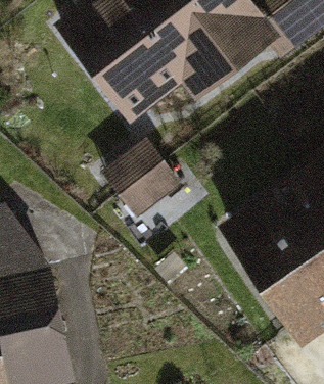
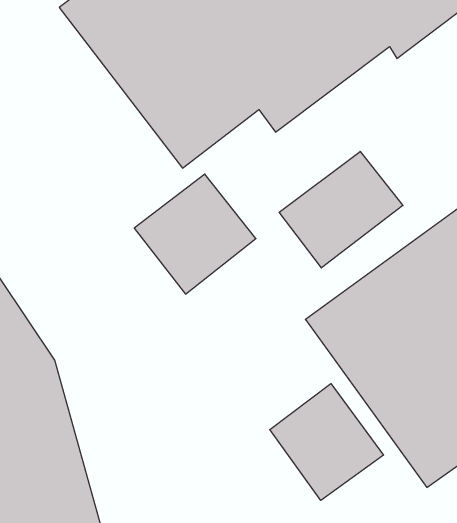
building: none -> [279,151,403,268]
building: none -> [270,384,384,500]

